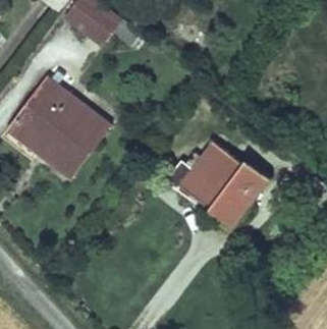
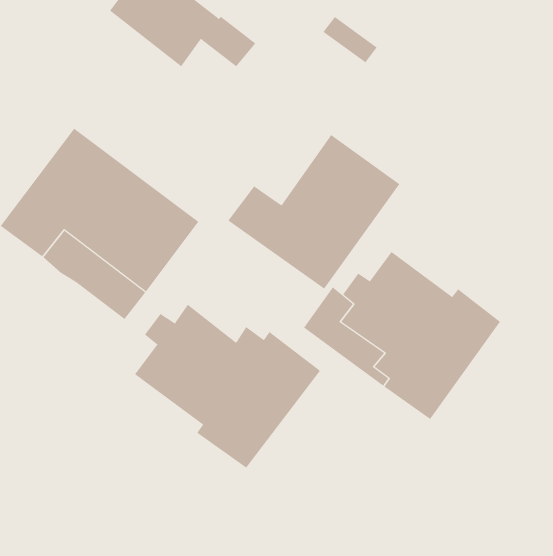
building: none -> [228,134,400,290]
building: none -> [134,304,321,469]

